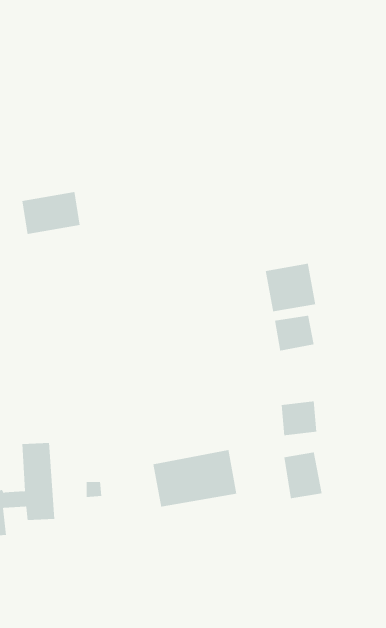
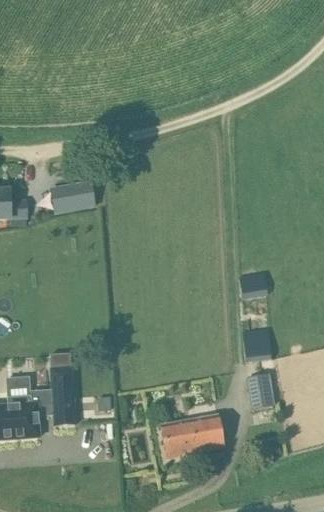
building: [265,263,316,312] -> none
building: [152,449,237,507] -> [160,414,223,457]

